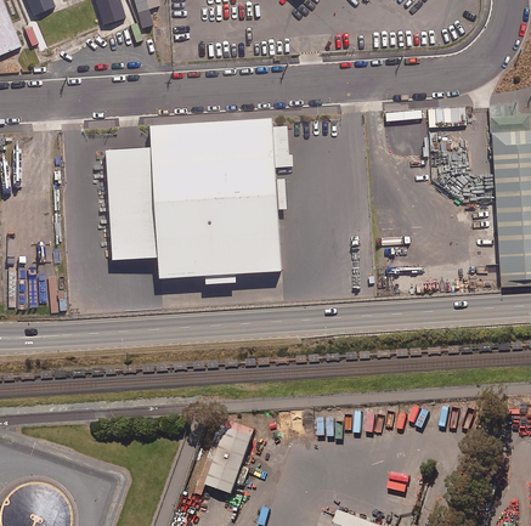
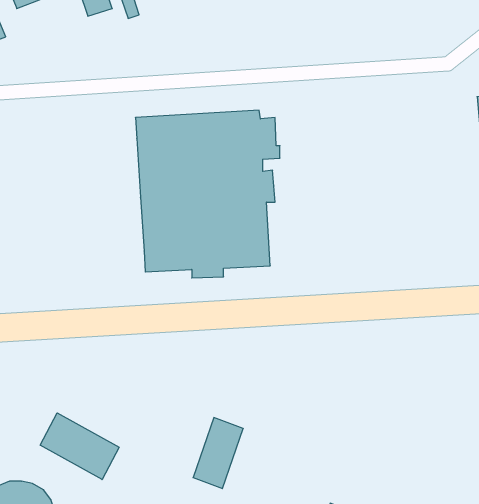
building: [106,146,157,260] -> none
building: none -> [40,413,119,480]

